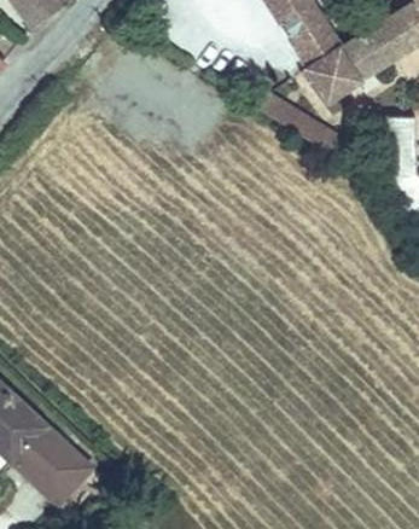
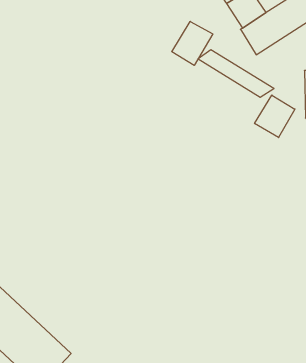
building: none -> [172,21,213,65]
building: none -> [255,95,295,138]

